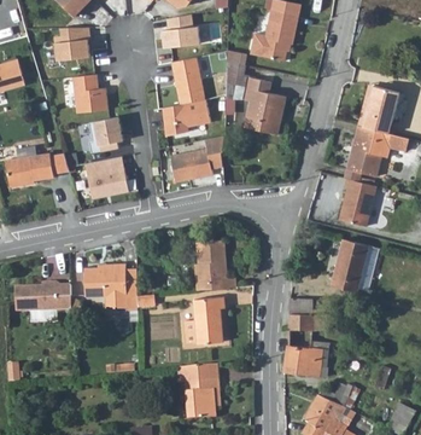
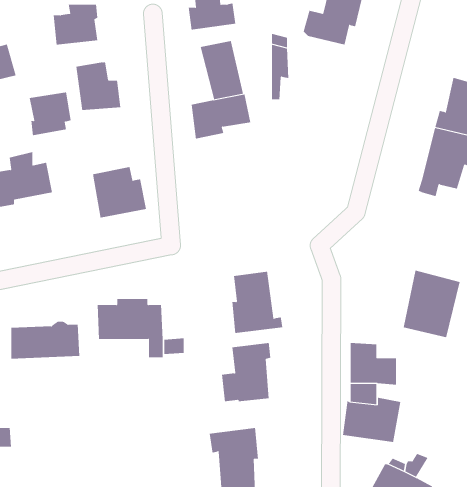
building: [245,77,286,134] -> none
building: [87,117,121,152] -> [29,92,71,136]
building: [169,135,224,182] -> none
building: [338,178,376,226] -> none

